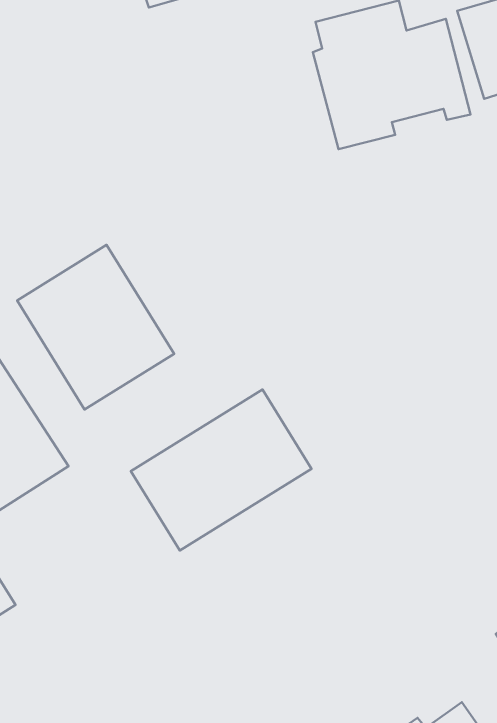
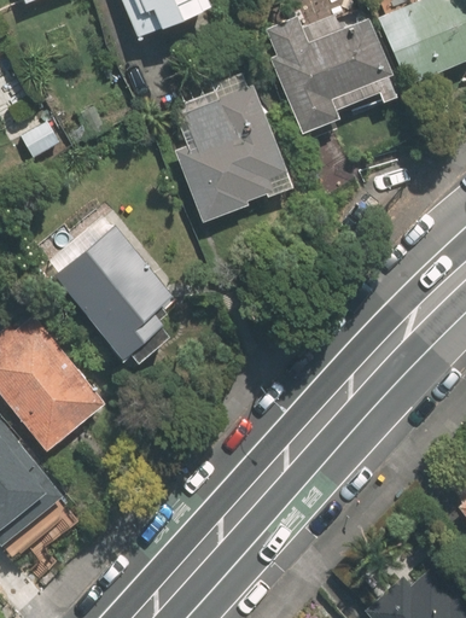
building: none -> [174,84,292,222]
building: [131,389,312,551] -> none

